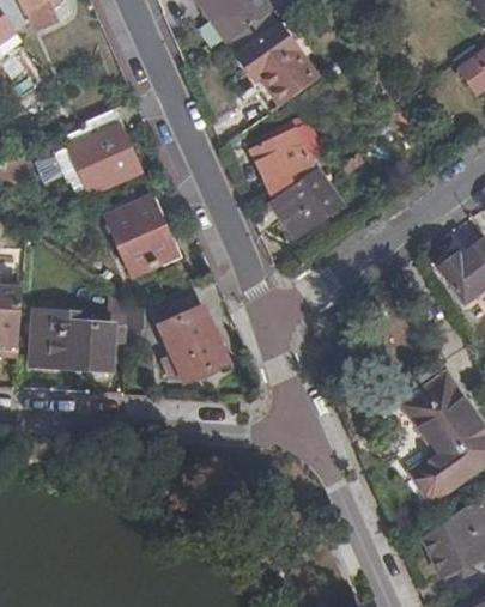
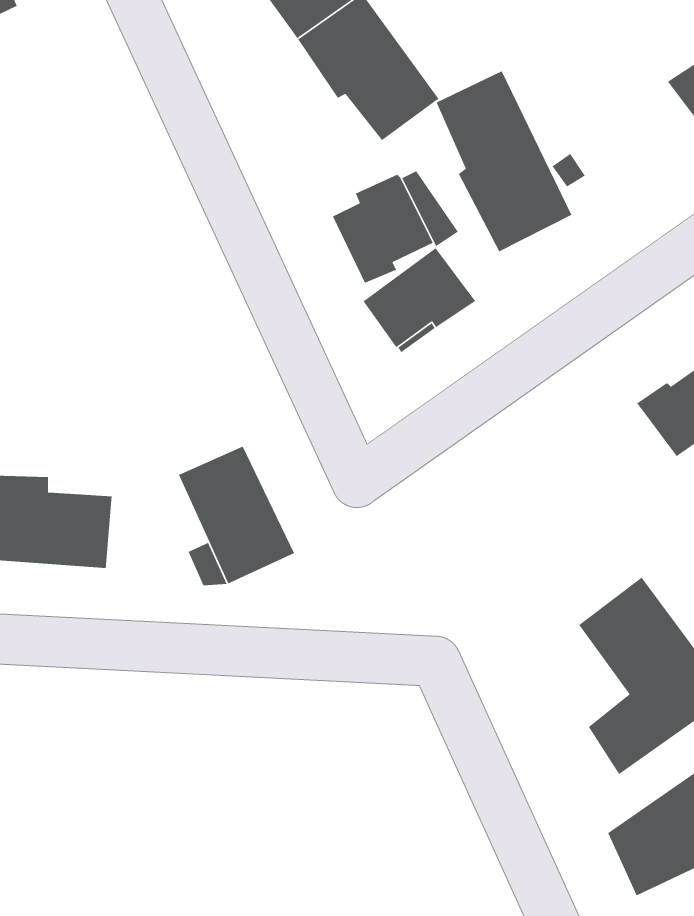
building: none -> [435,70,573,253]
building: [57,111,139,194] -> none
building: [105,199,175,275] -> none

